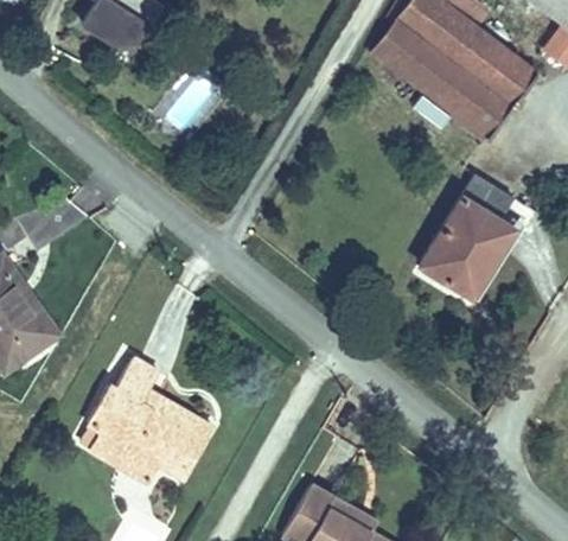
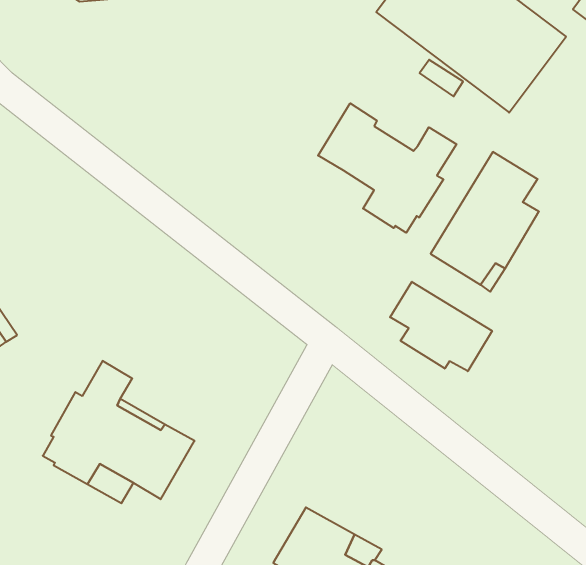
building: none -> [318,103,456,233]
building: none -> [390,282,492,371]

